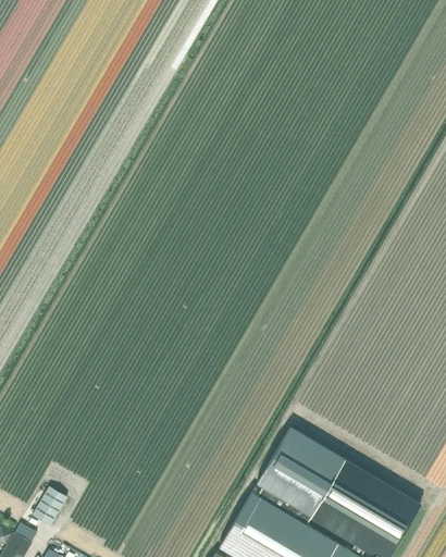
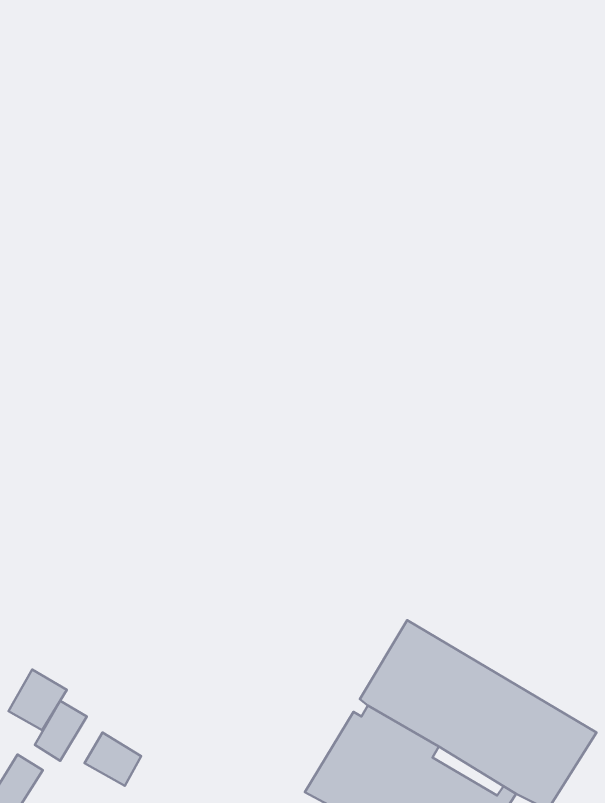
building: none -> [9,669,67,730]
building: none -> [85,732,141,786]

